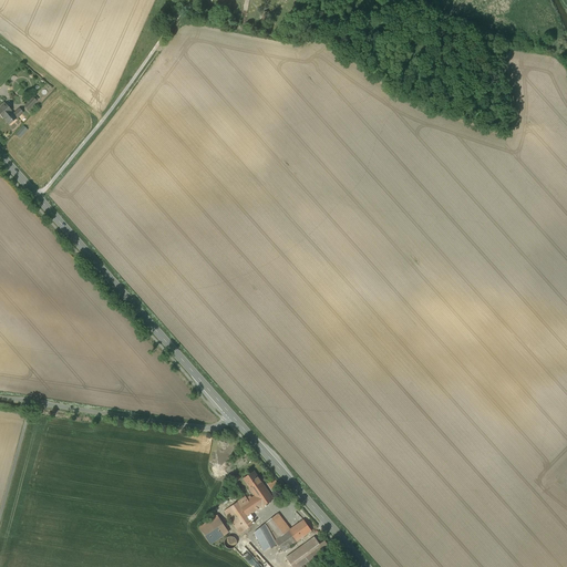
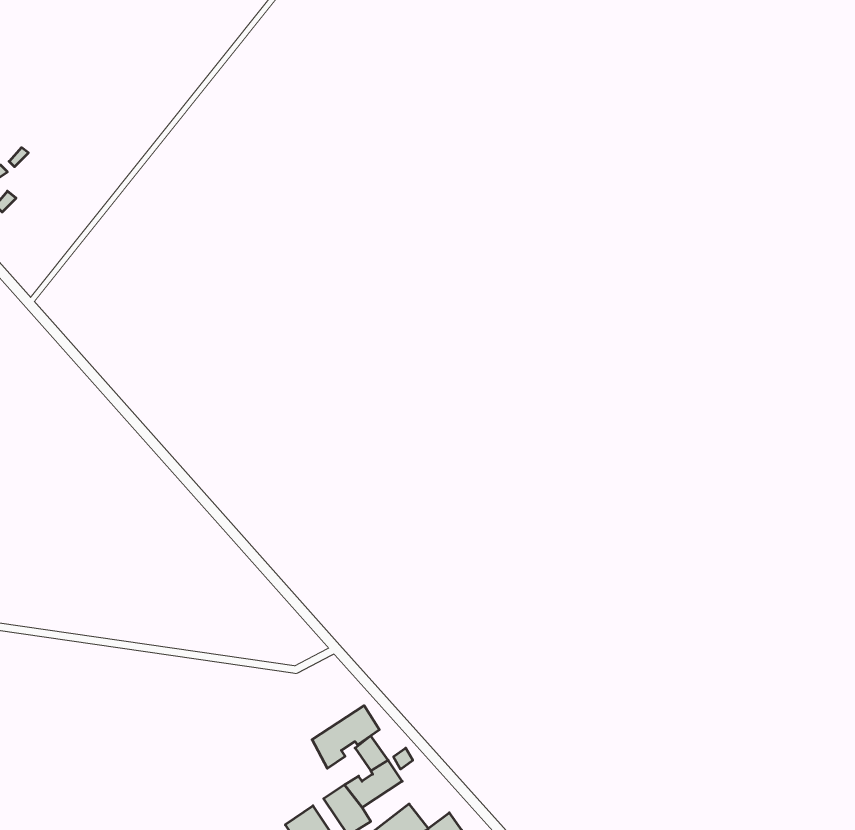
building: none -> [312,706,379,768]

